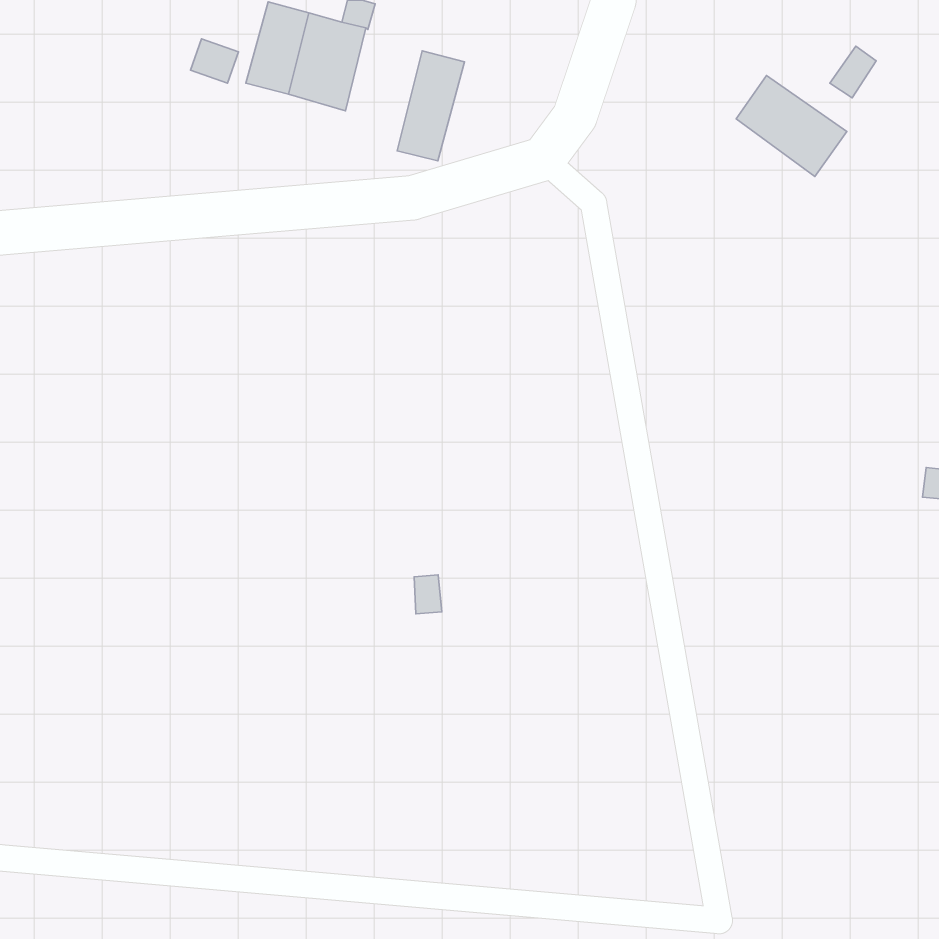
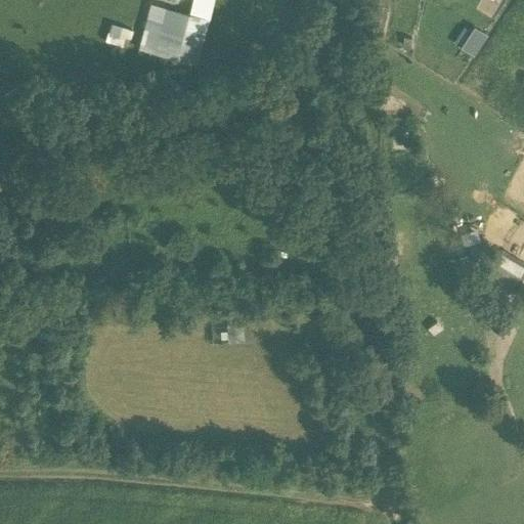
building: [397,51,464,161] -> none
building: [736,75,847,177] -> none

